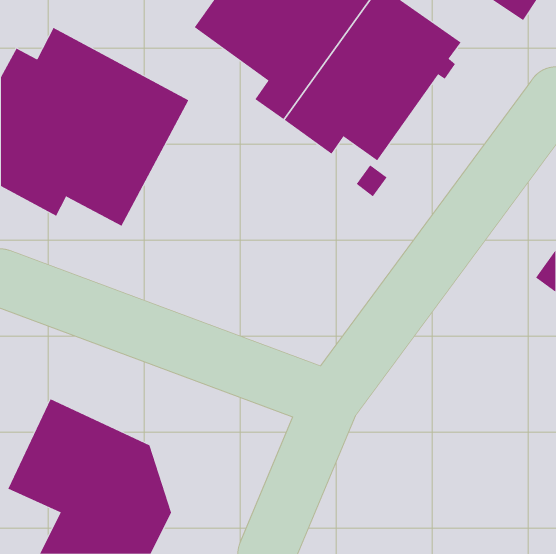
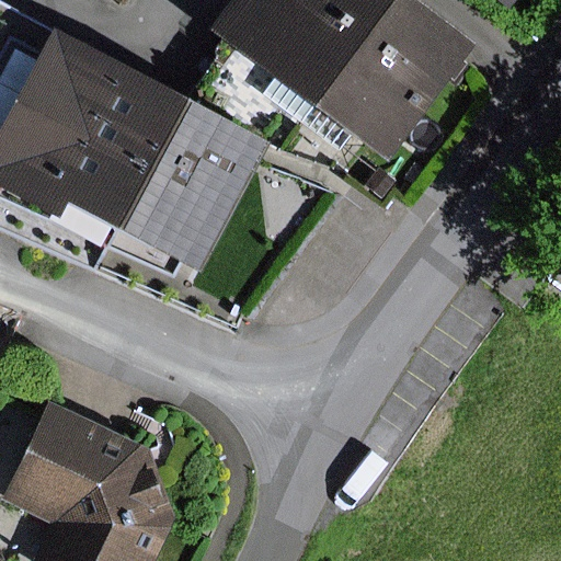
building: none -> [123,101,270,270]

